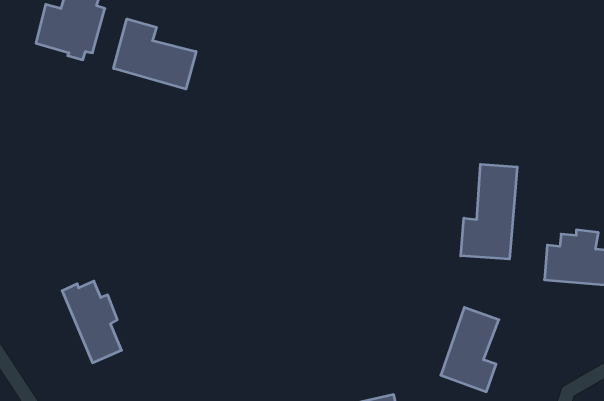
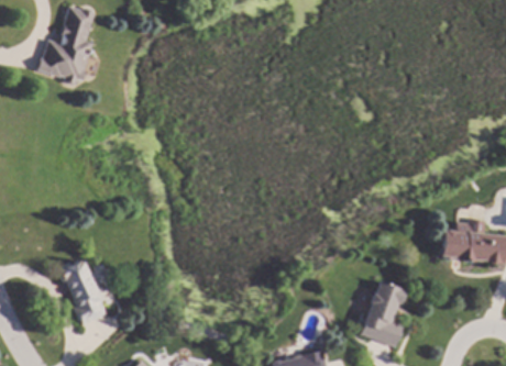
building: [114,19,196,89] -> none
building: [461,164,517,259] -> none

